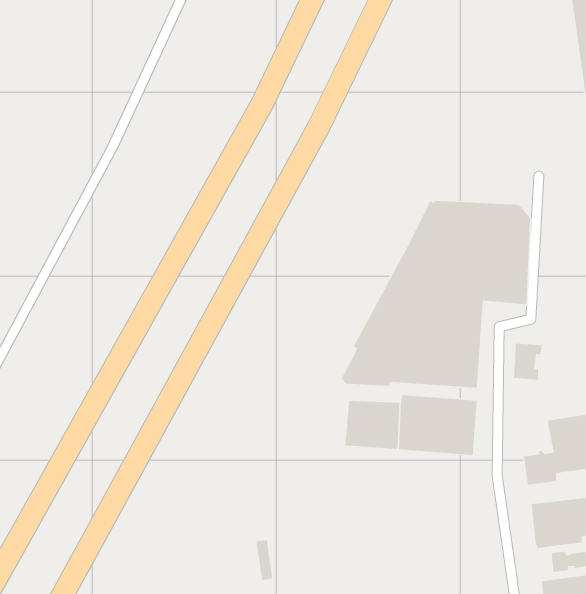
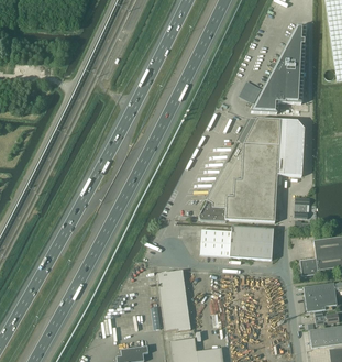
building: none -> [249,25,304,113]
building: none -> [156,271,190,331]

